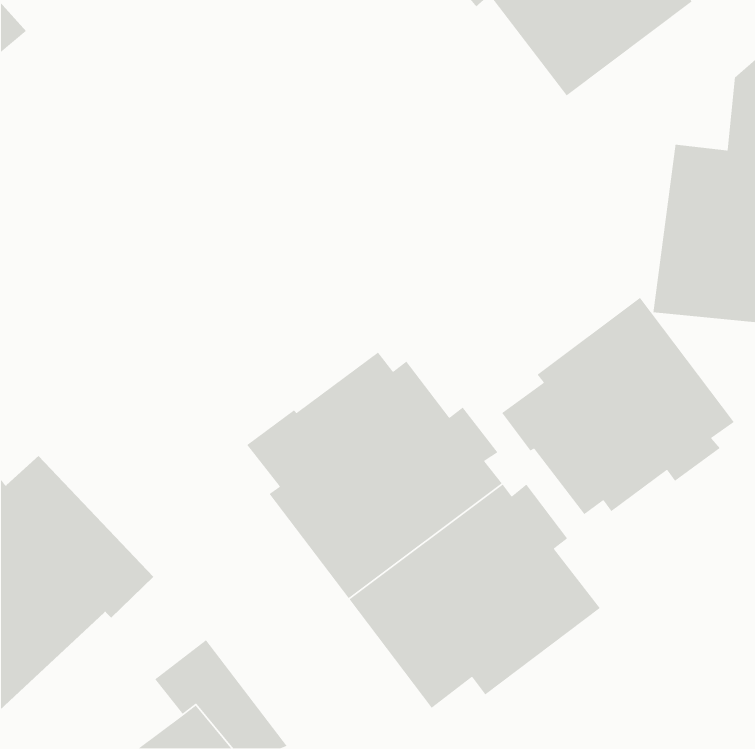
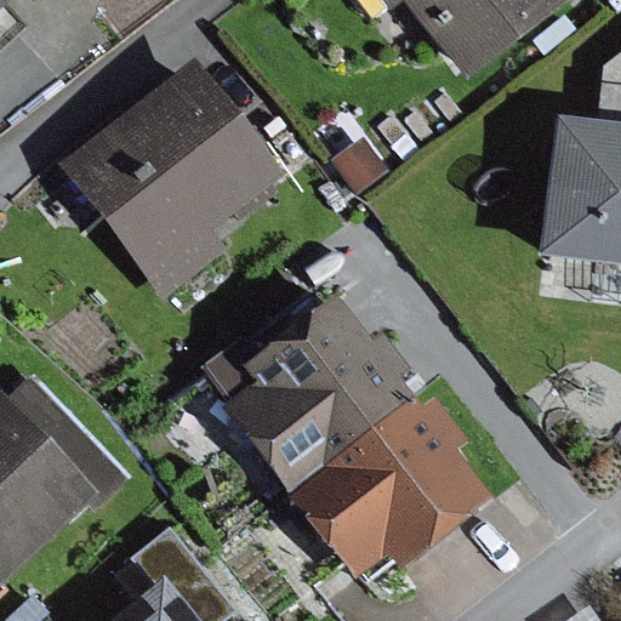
building: none -> [57,58,283,298]
building: [501,297,735,515] -> none

